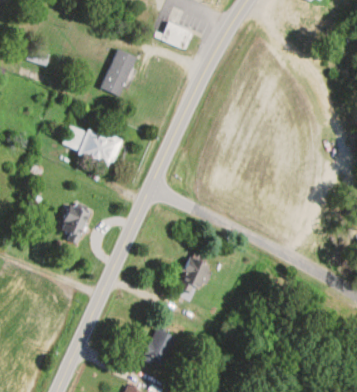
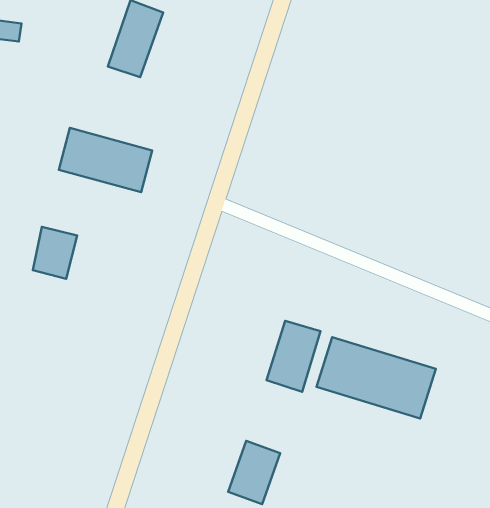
building: [61,204,91,238] -> [33,227,77,279]
building: none -> [317,337,436,419]

